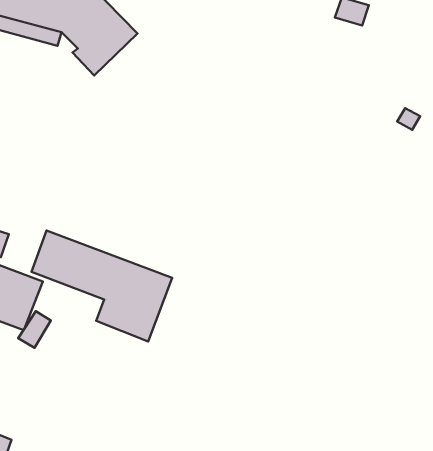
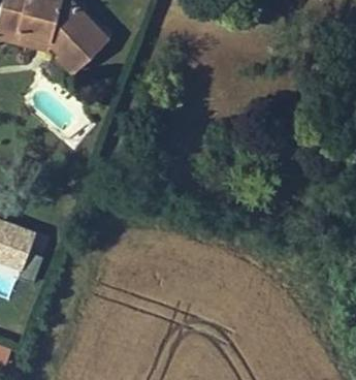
building: [31,231,172,341] -> none

